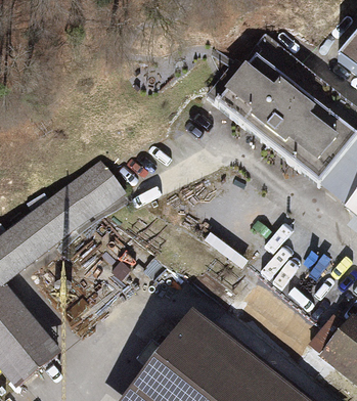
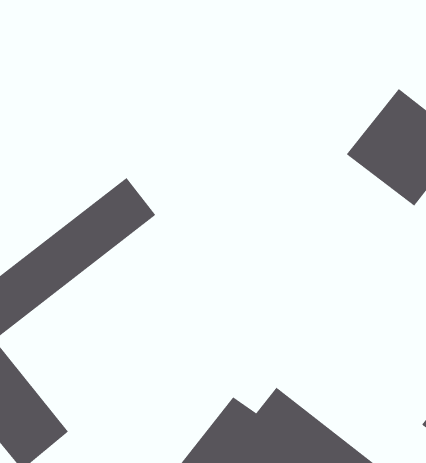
building: [206,54,306,144] -> none

